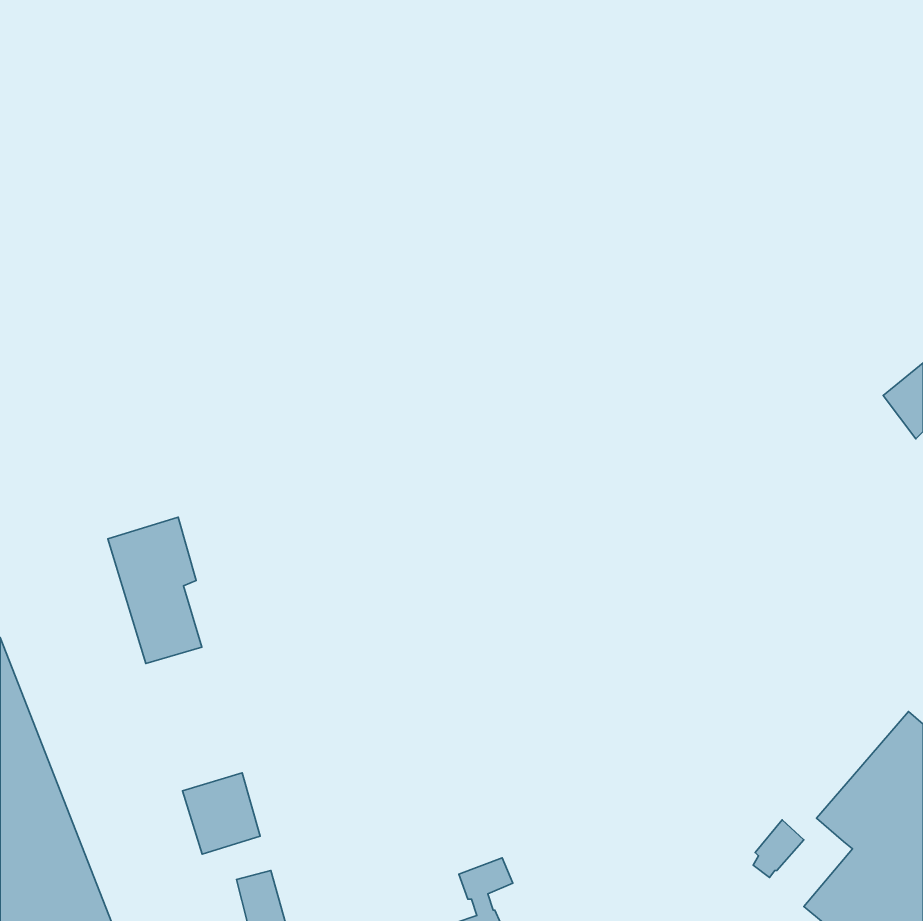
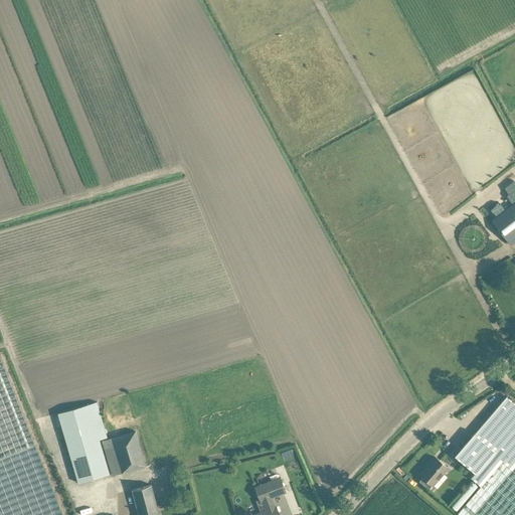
building: [108,517,202,664] -> [57,402,110,484]

